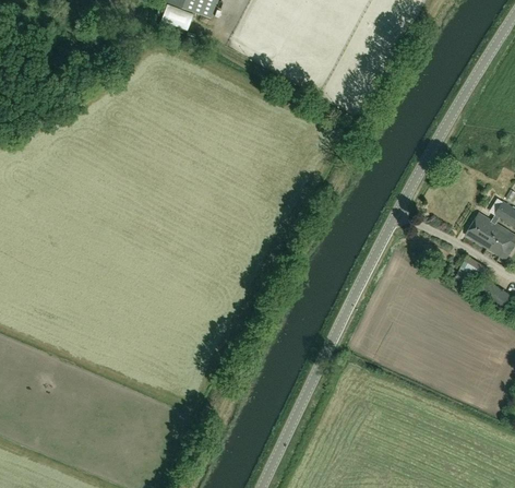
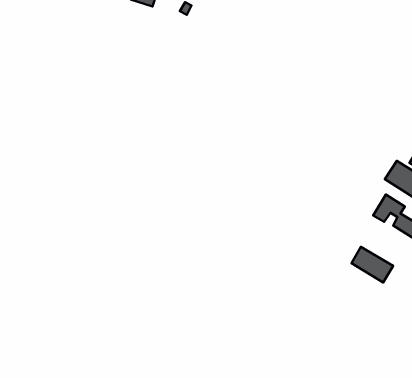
building: none -> [352,247,393,283]

